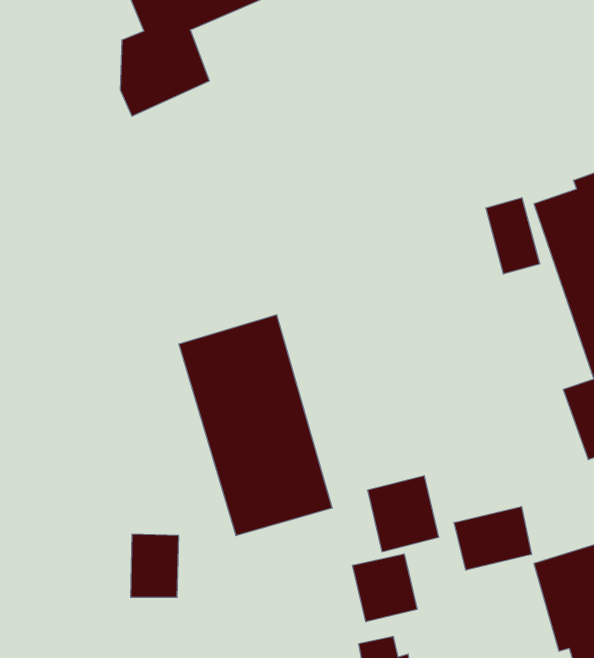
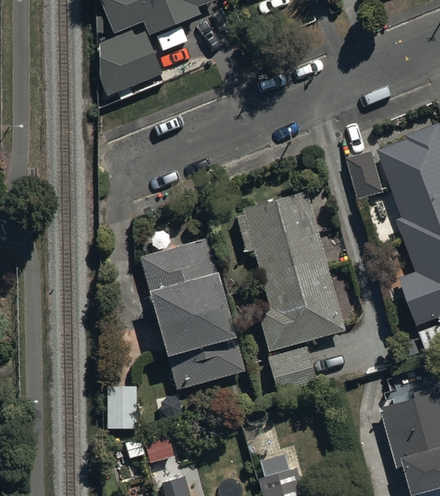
building: none -> [236,189,344,345]
building: [454,506,532,570] -> none
building: [352,554,417,622] -> none

